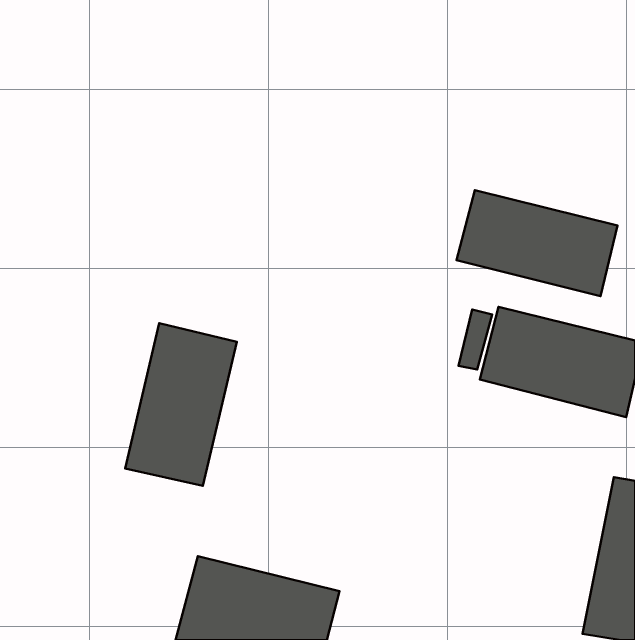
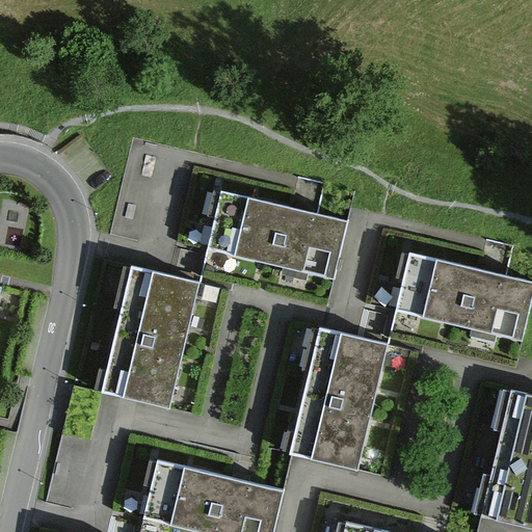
building: [457,190,617,296] -> none
building: none -> [203,184,355,281]
building: none -> [283,328,388,471]

